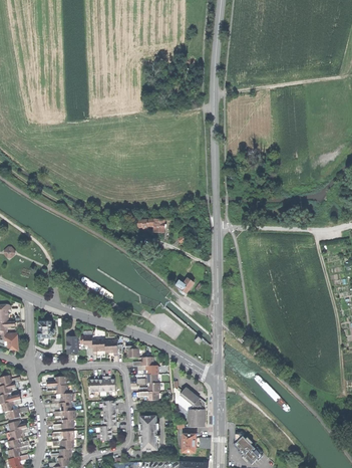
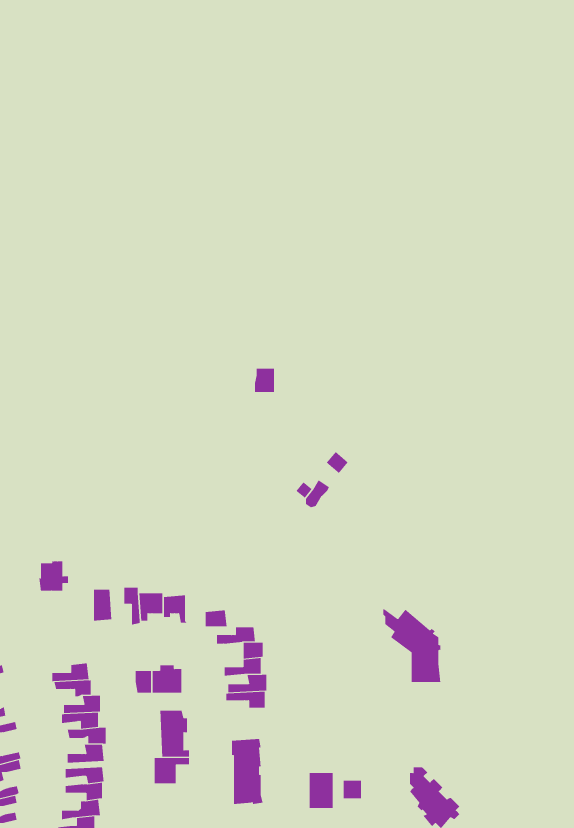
building: [173,388,205,427] -> [382,609,441,683]

